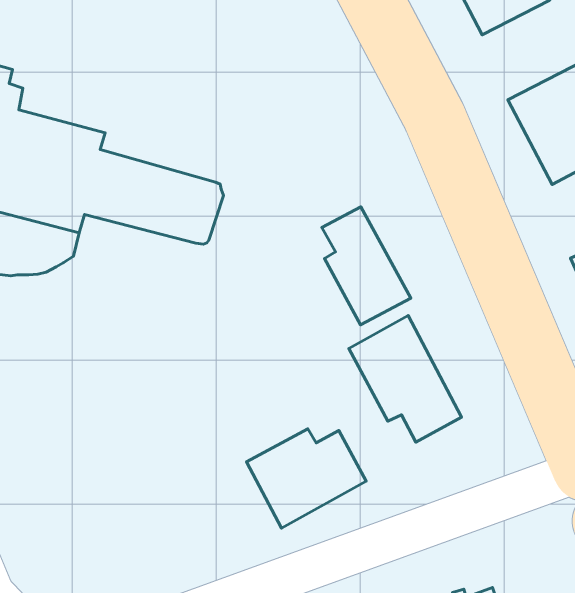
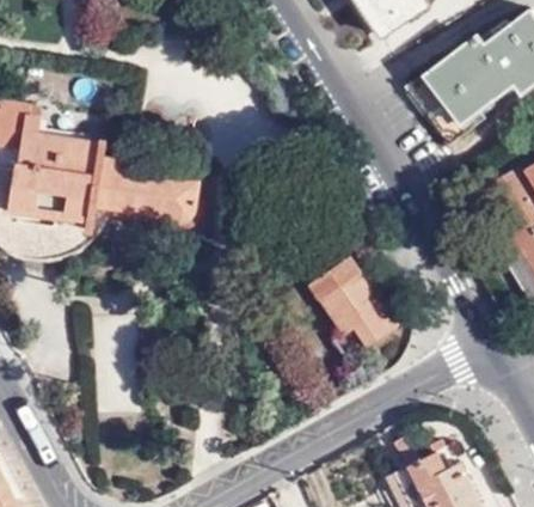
building: [322,207,411,325] -> none
building: [246,429,366,528] -> none

